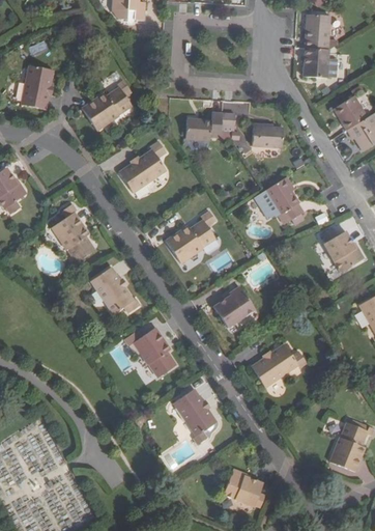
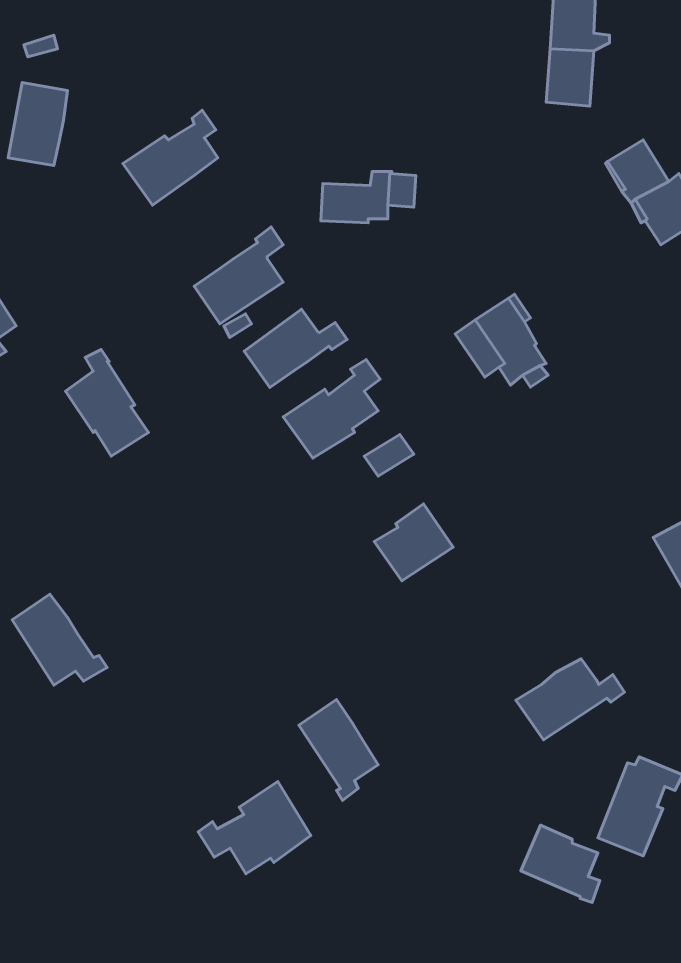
building: [253,122,283,147] -> none
building: none -> [244,309,347,387]
building: [324,227,365,273] -> none
building: [91,267,141,314] -> [12,594,107,685]
building: [123,328,176,376] -> none
building: [251,344,308,387] -> [516,659,625,740]
building: none -> [198,781,311,874]
building: [223,469,264,509] -> [521,825,600,902]

